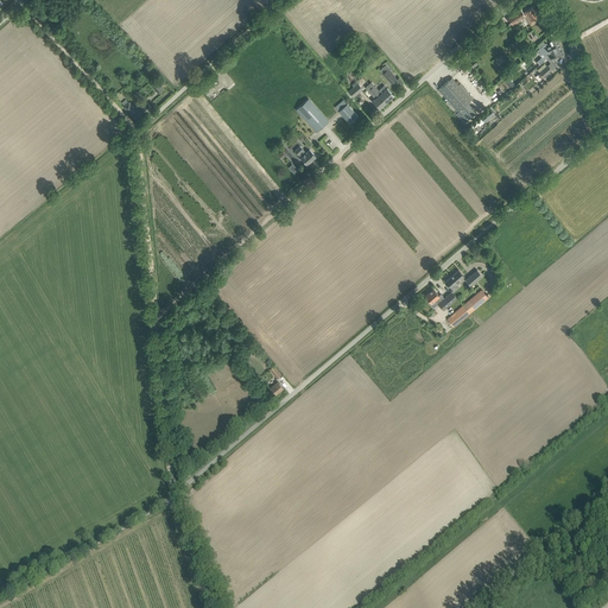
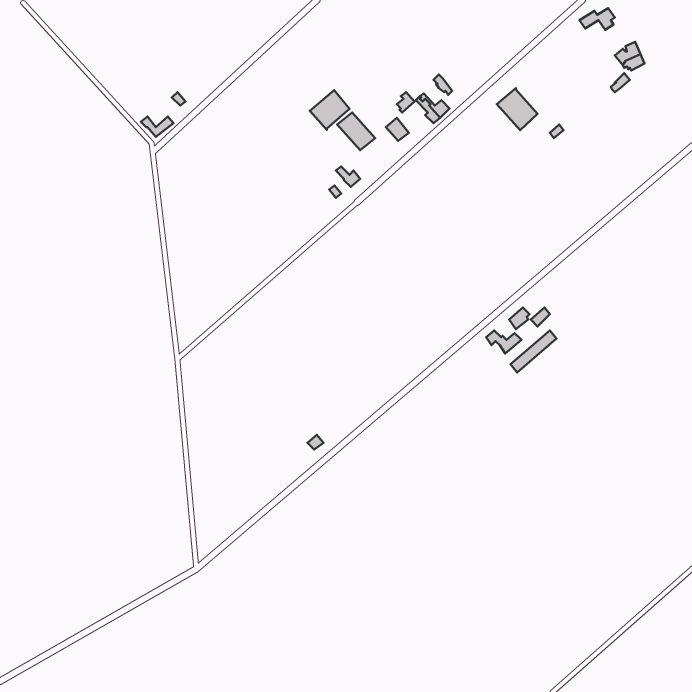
building: none -> [310,90,350,130]

